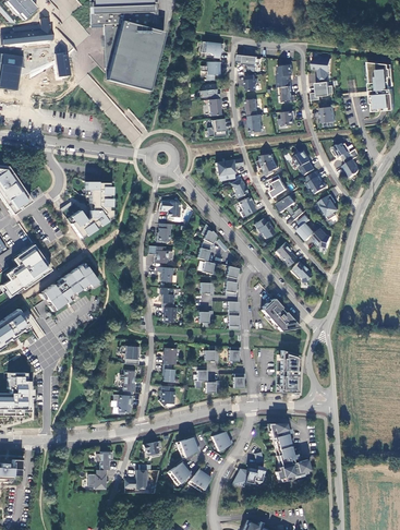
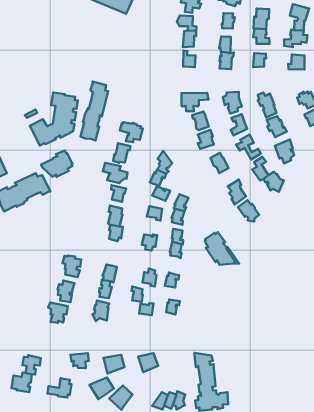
building: none -> [80,81,108,141]
building: none -> [41,151,73,177]
building: [275,350,298,393] -> none

